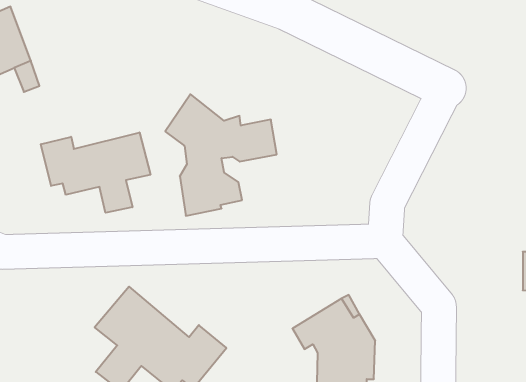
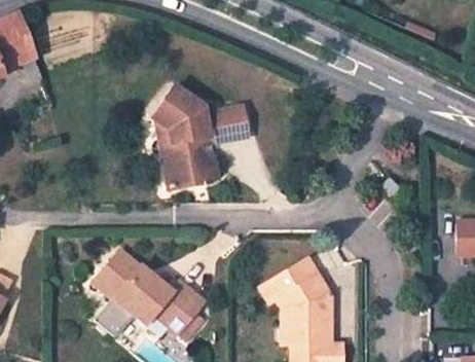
building: [41,132,150,213] -> none

